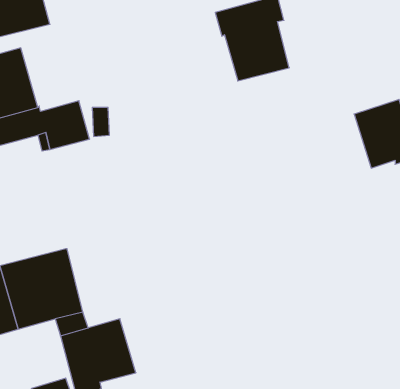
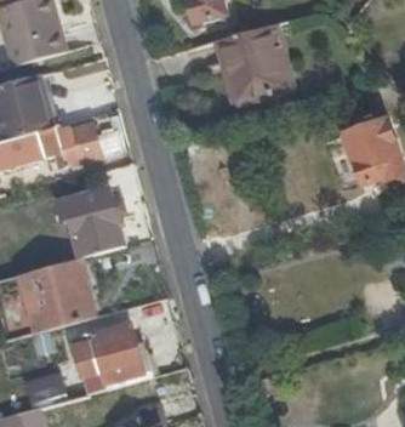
building: none -> [65,187,125,257]

